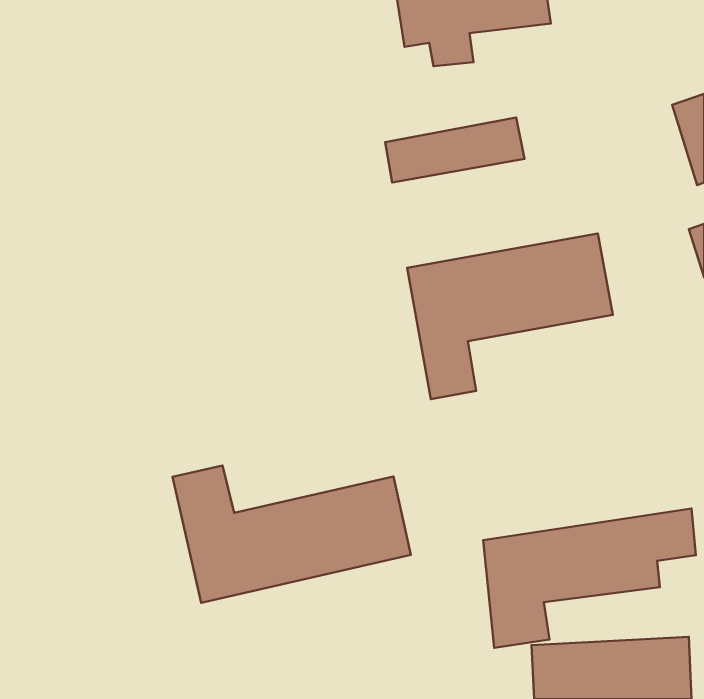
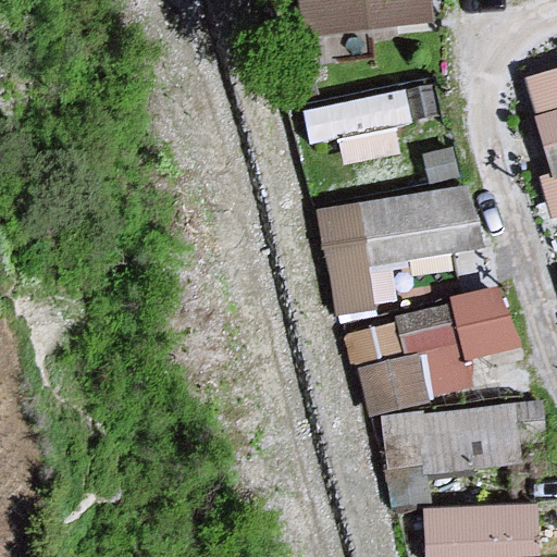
building: none -> [345,286,516,420]
building: [172,465,411,603] -> none

